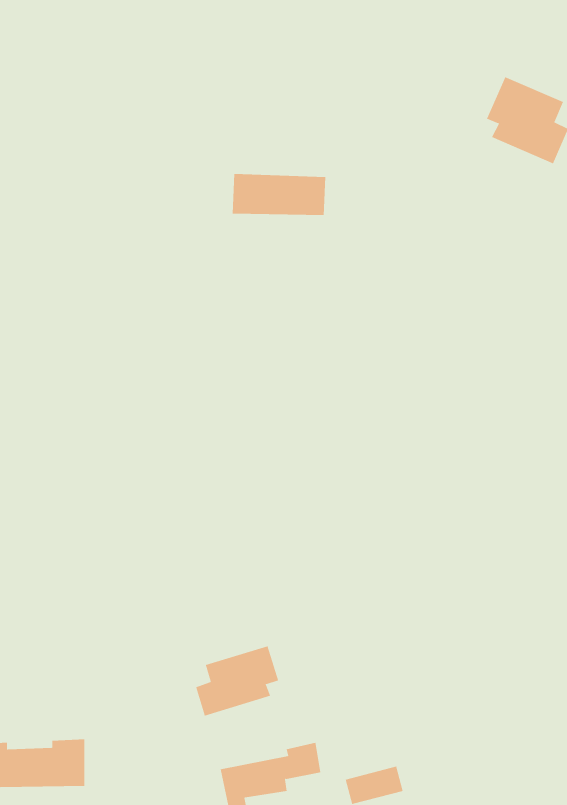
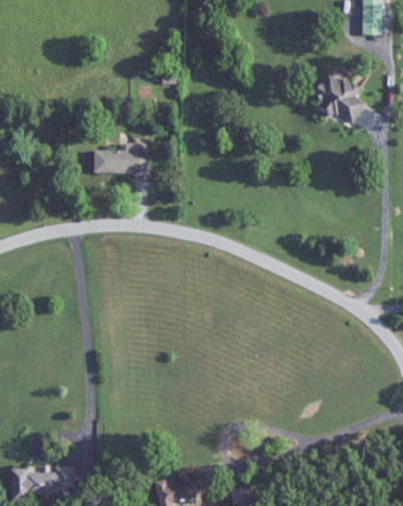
building: [232,173,326,216] -> [93,149,150,174]
building: [196,646,279,716] -> none

